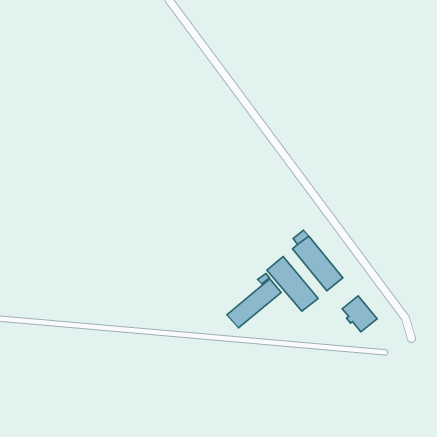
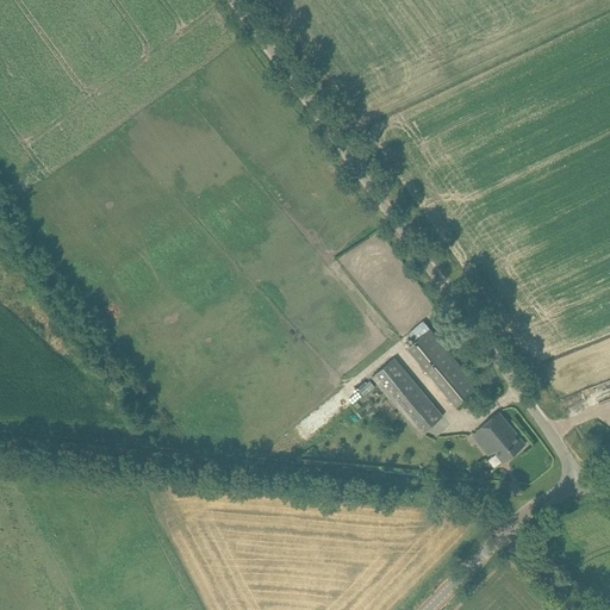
building: [227,279,281,328] -> none

